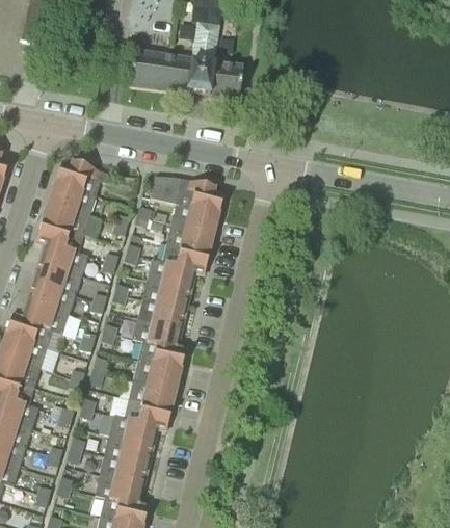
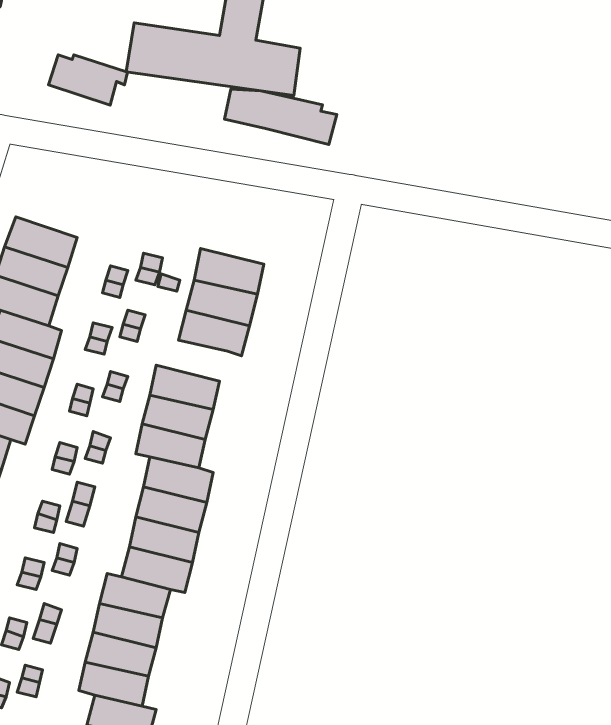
building: [55,162,107,195] -> [49,55,128,105]
building: [150,177,223,213] -> [225,89,337,144]
building: [148,261,194,290] -> none

